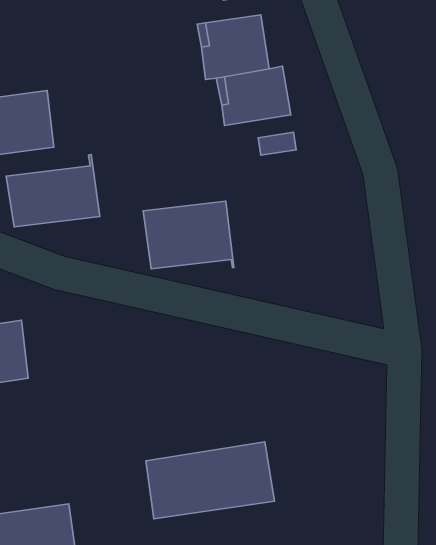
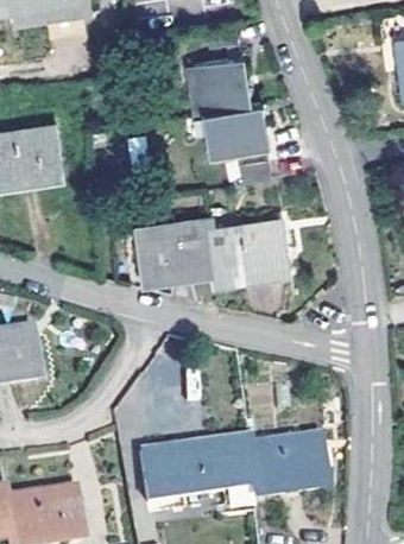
building: [6,155,100,227] -> none
building: none -> [212,220,290,280]
building: none -> [246,434,330,494]

